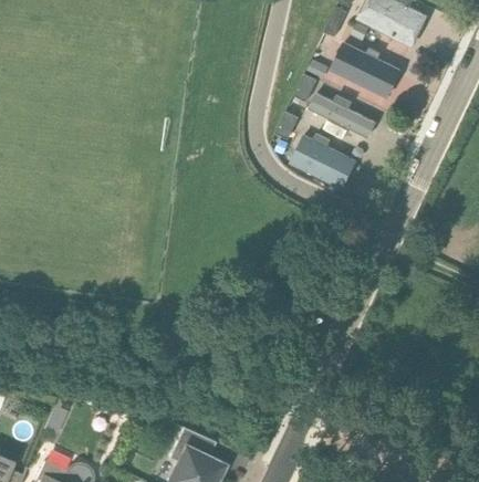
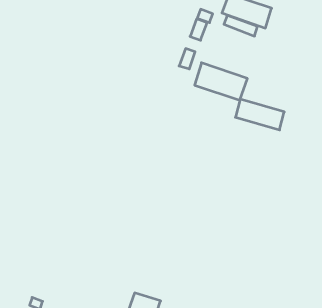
building: [313,92,378,138] -> [235,99,284,130]

